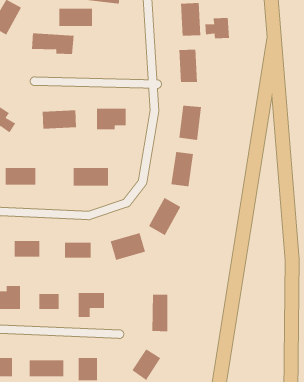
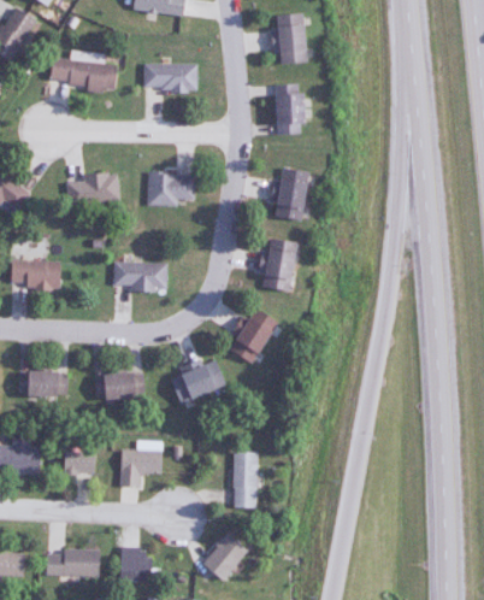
building: [59,8,93,27] -> [146,63,197,90]
building: [205,17,229,39] -> none

